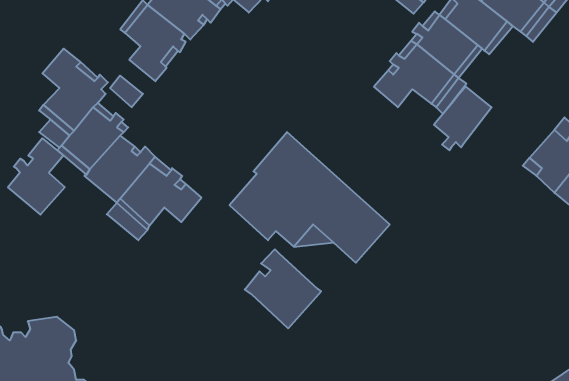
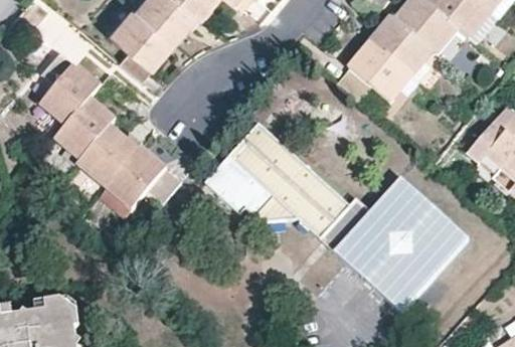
building: [434,86,492,150] -> none
building: [8,138,65,215] -> none
building: none -> [335,176,471,313]
building: [245,249,321,328] -> none

